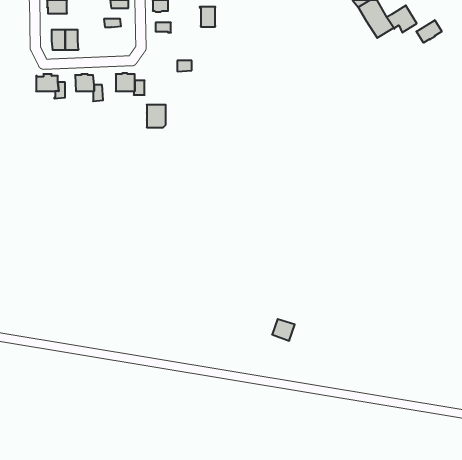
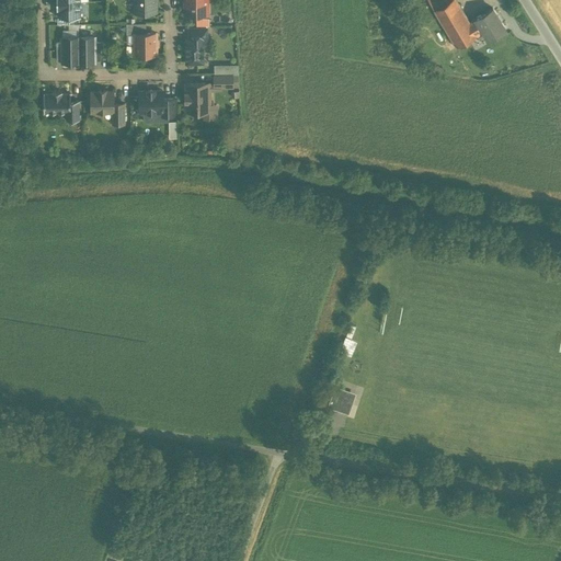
building: [200,7,215,27] -> [185,41,204,65]
building: [416,20,442,43] -> none
building: none -> [135,34,157,56]
building: [147,105,166,127] -> [186,84,209,112]

